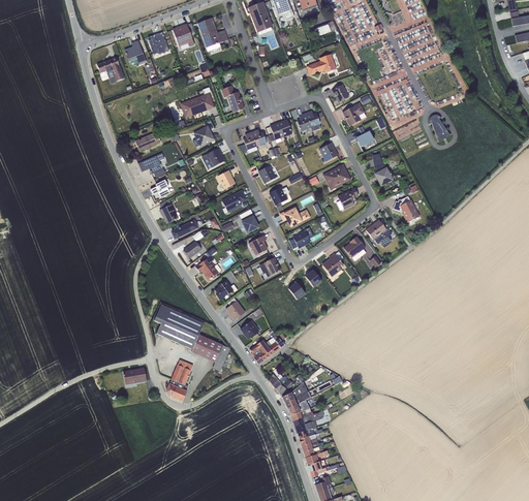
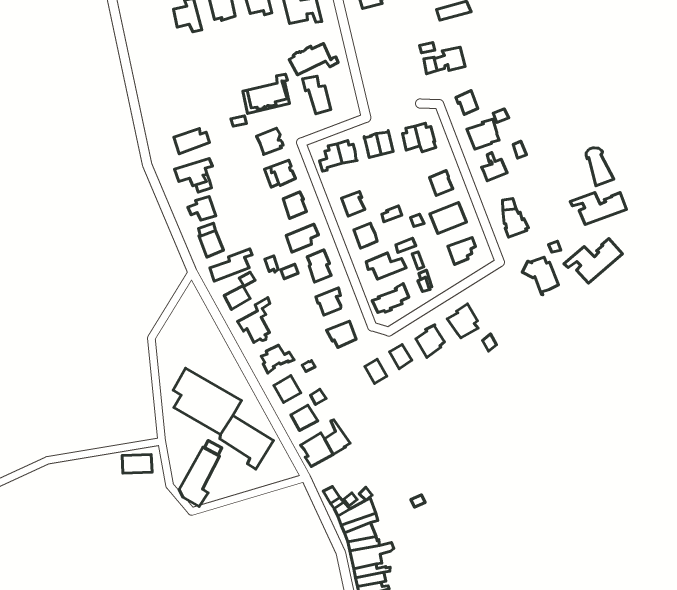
building: [96,57,124,83] -> none
building: none -> [289,44,338,75]
building: none -> [570,192,627,225]
building: none -> [564,238,623,283]
building: [366,219,392,248] -> none

